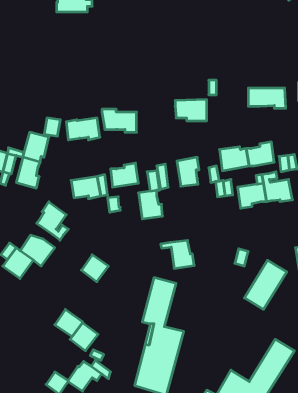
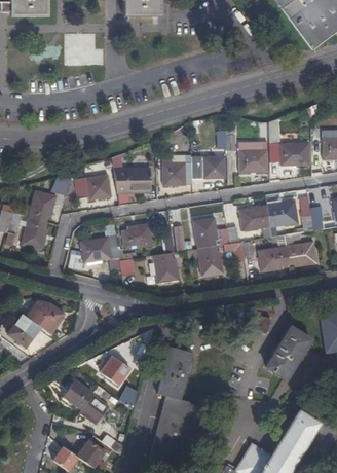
building: none -> [238,149,267,172]
building: none -> [162,162,192,185]
building: [37,202,68,240] -> none
building: [161,240,194,268] -> [187,246,223,276]
building: [81,255,108,282] -> [101,356,129,385]

